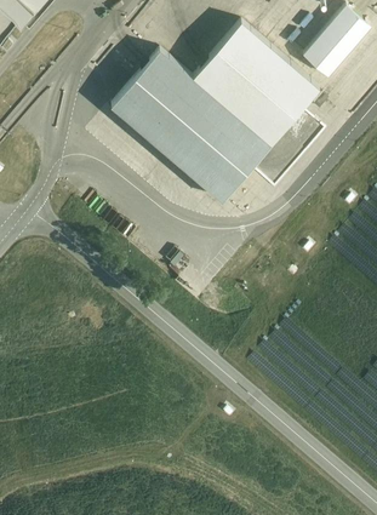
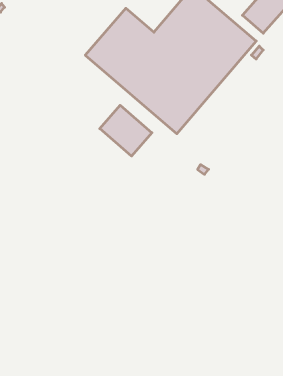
building: none -> [100,105,152,156]

